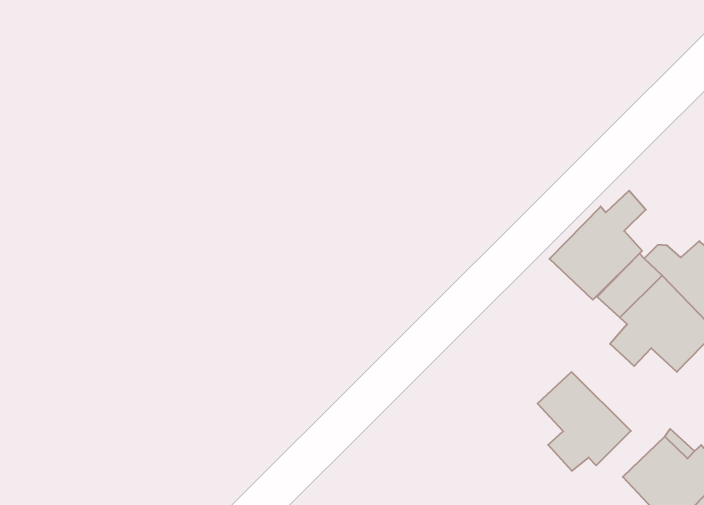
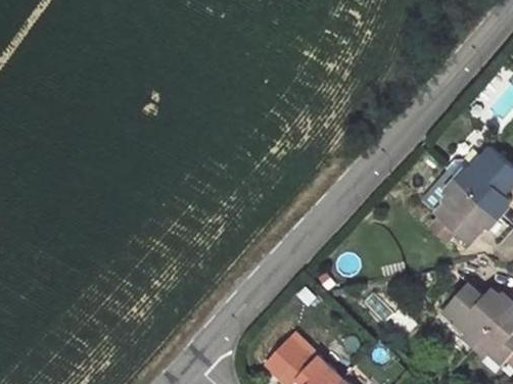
building: [549,191,646,300] -> none
building: [538,372,631,471] -> none

